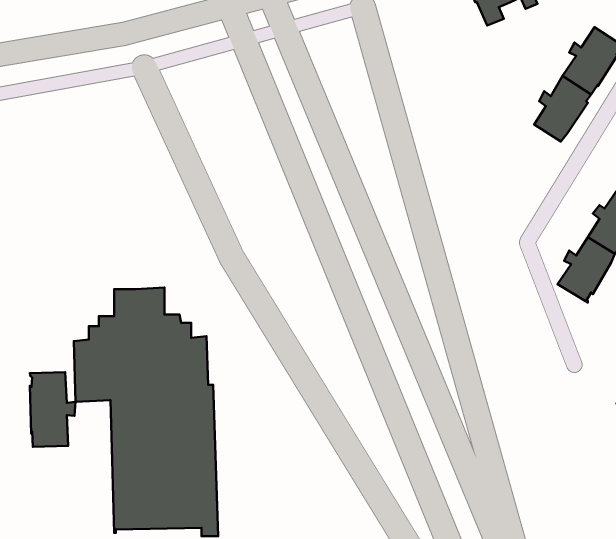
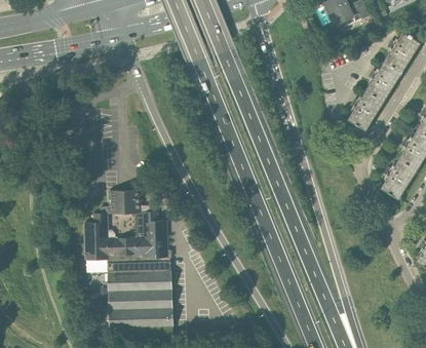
building: none -> [348,89,383,129]
building: [30,372,75,447] -> none

